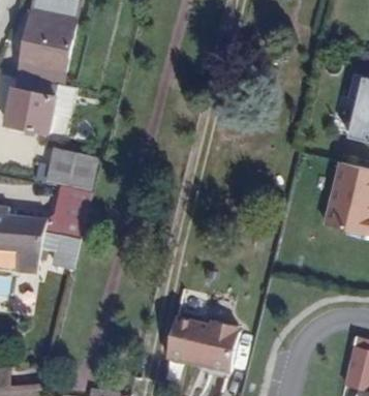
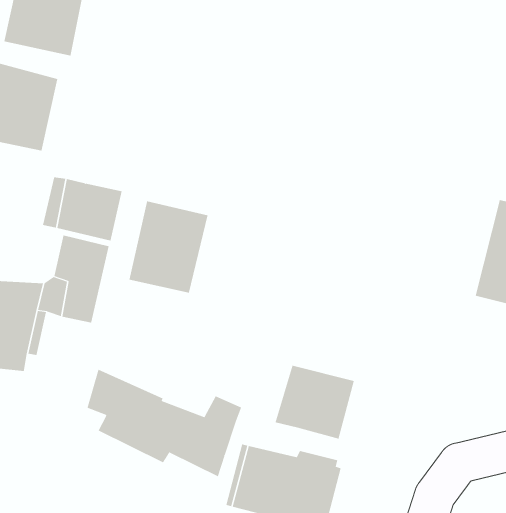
building: none -> [129,201,208,294]
building: none -> [275,365,354,440]
building: none -> [87,369,242,477]

